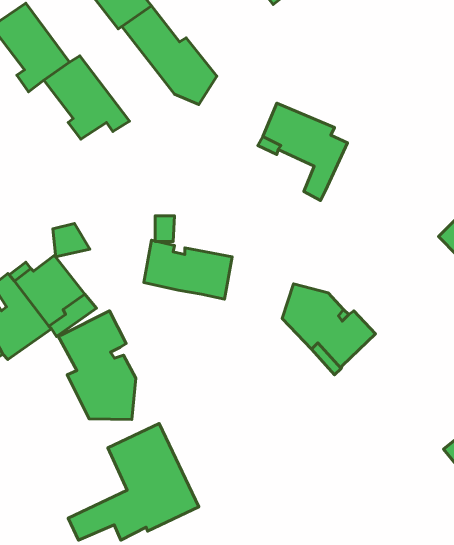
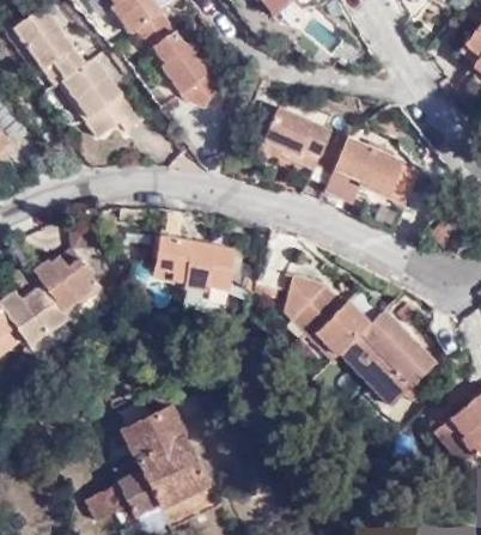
building: none -> [324,136,418,202]
building: [58,311,136,419] -> none
building: none -> [340,309,438,405]

